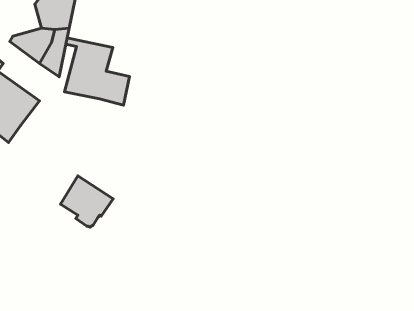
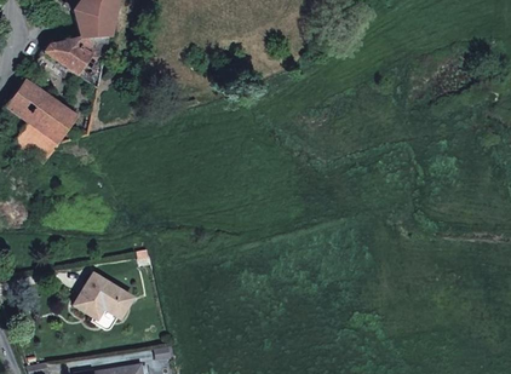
building: [65,38,129,105] -> none
building: [60,176,113,227] -> [75,271,133,328]

